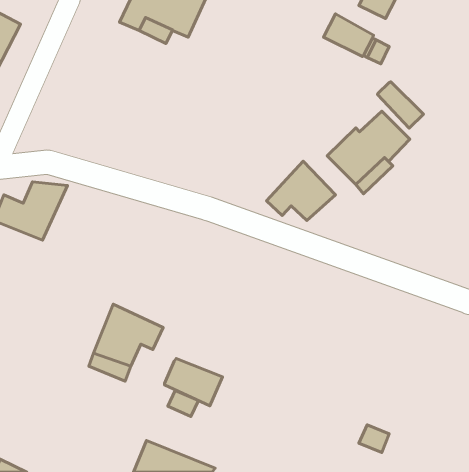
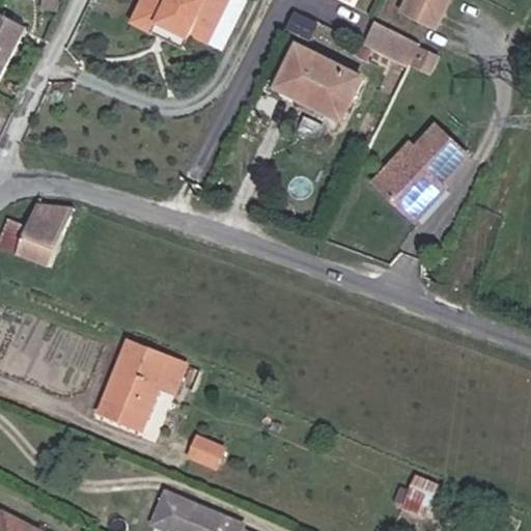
building: none -> [273,46,362,121]
building: [378,82,423,128] -> none
building: [266,161,336,221] -> none
building: [164,358,223,406] -> none

